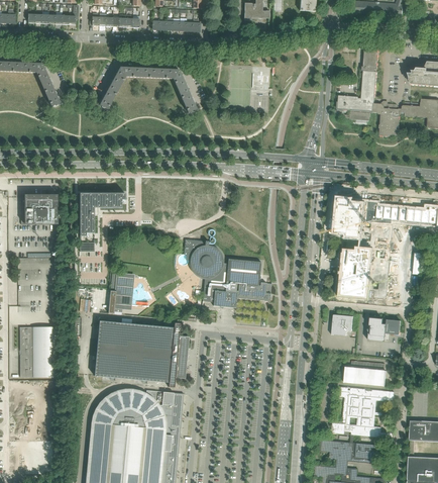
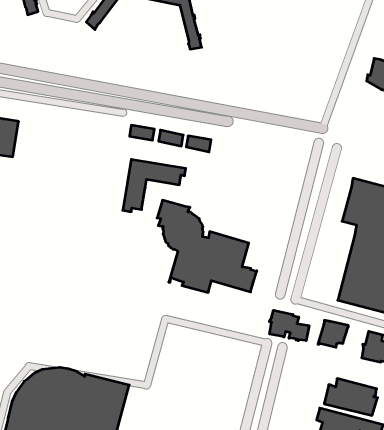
building: [80,193,125,235] -> [123,159,186,212]
building: [108,273,133,313] -> none
building: none -> [269,310,309,341]
building: [95,320,189,387] -> none

